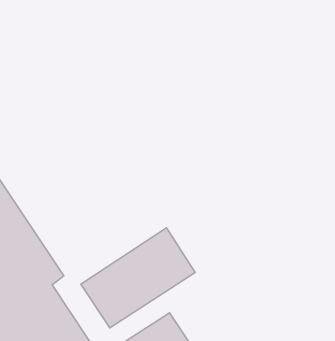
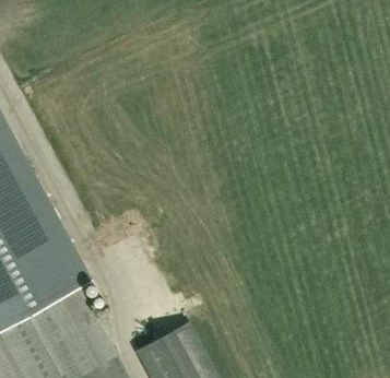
building: [81,228,195,328] -> none

